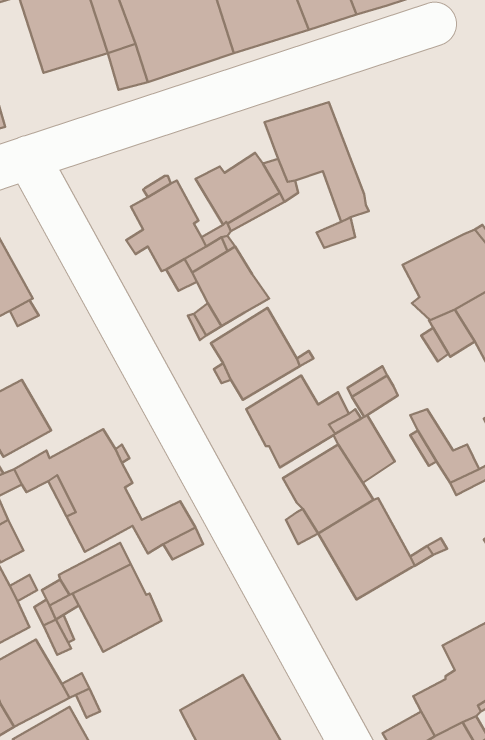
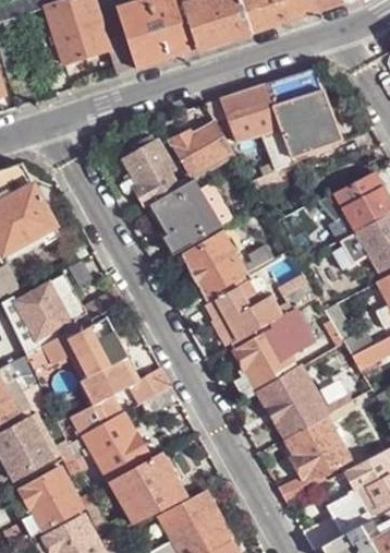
building: none -> [266,69,343,158]
building: none -> [278,416,351,503]
building: none -> [108,452,186,524]

